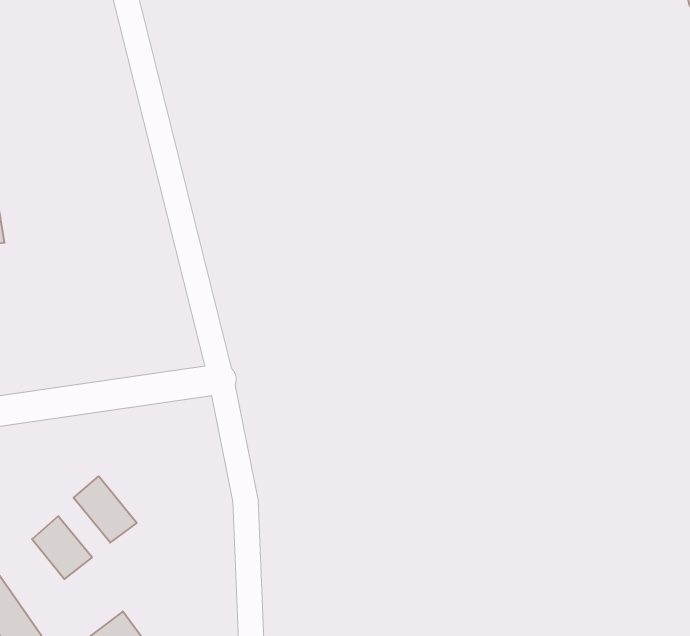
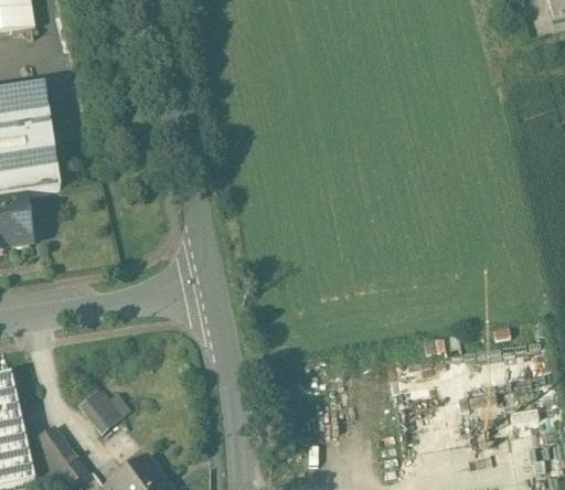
building: [74,476,137,543] -> none

